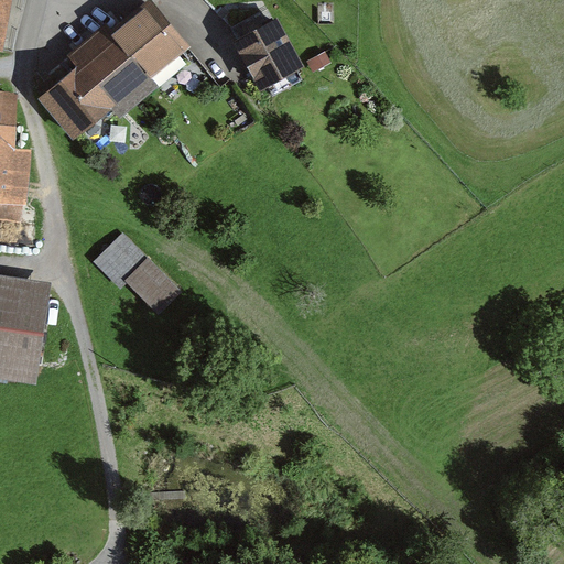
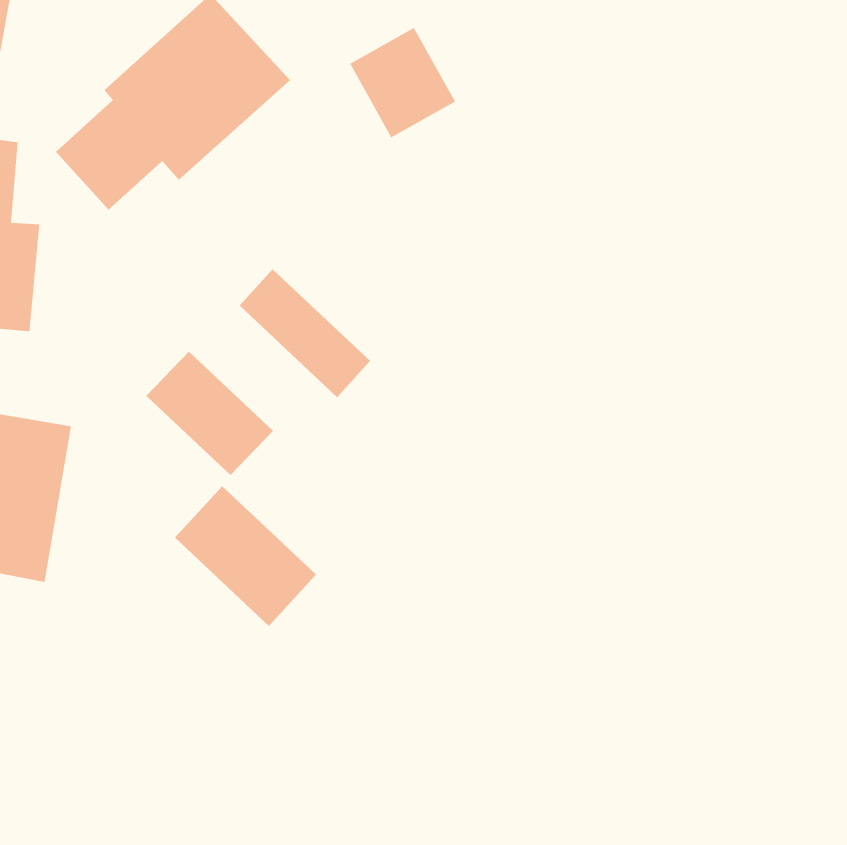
building: none -> [239,268,371,398]
building: none -> [174,485,317,627]

